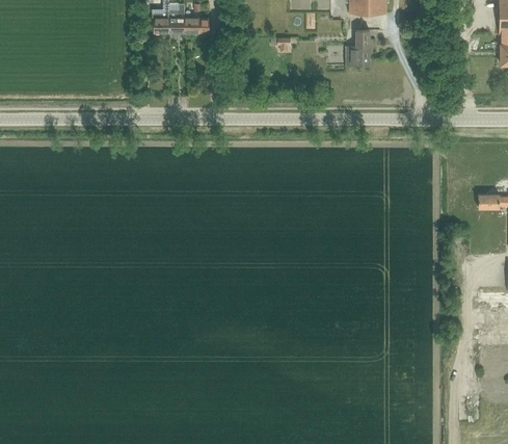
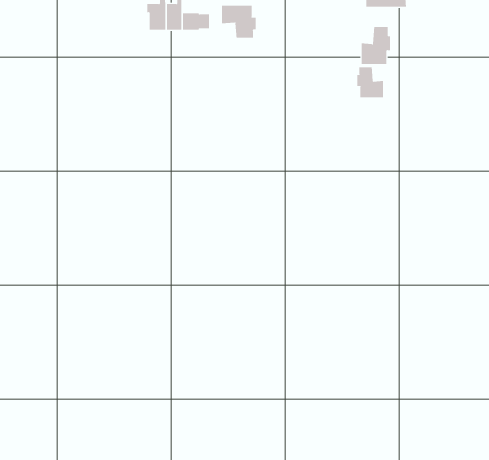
building: none -> [222,5,256,38]
building: none -> [357,67,384,98]

